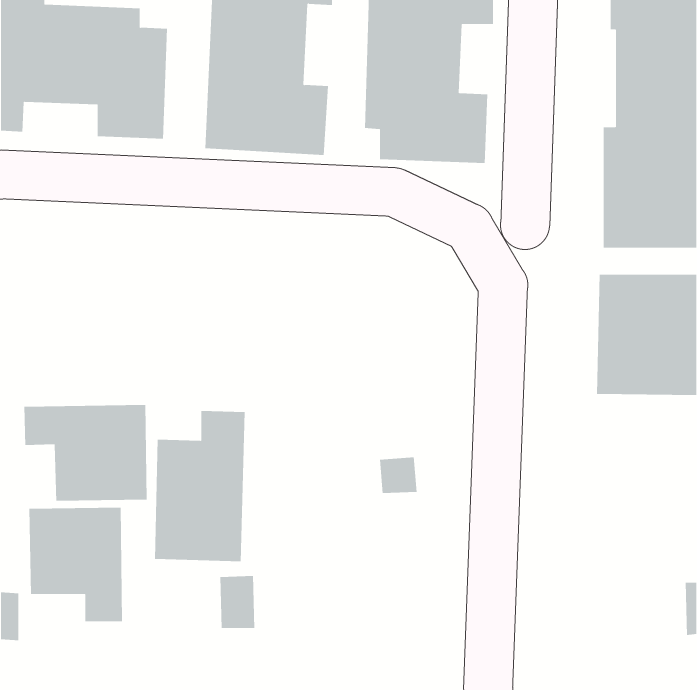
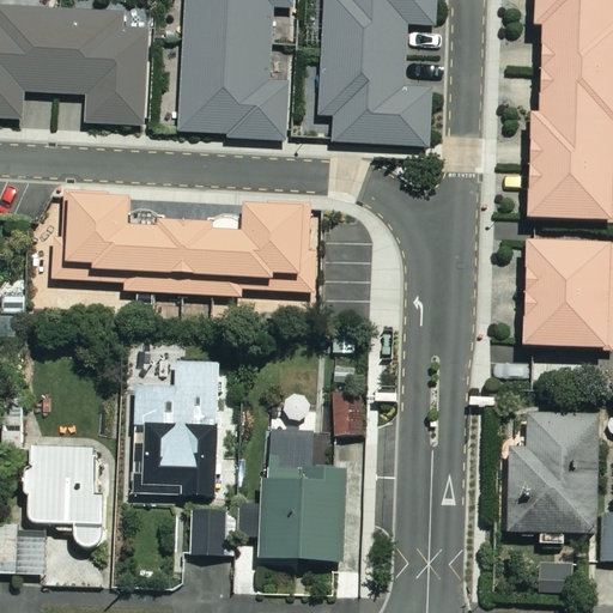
building: none -> [53,193,316,293]
building: [24,404,147,502] -> none
building: none -> [506,413,596,542]
building: none -> [257,429,344,560]

